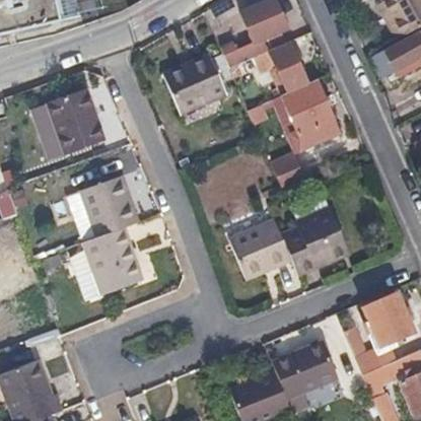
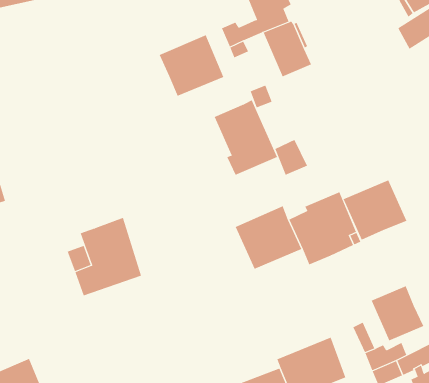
building: [277,78,338,150] -> [214,100,278,175]
building: [33,93,102,154] -> none
building: [83,176,140,237] -> none
building: none -> [343,179,407,241]

